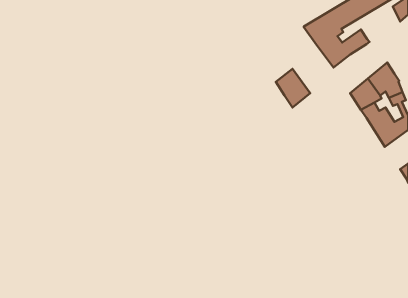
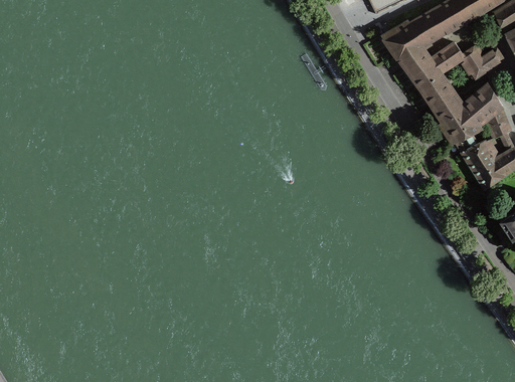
building: none -> [462,45,504,78]
building: [276,69,310,107] -> [420,73,464,122]

